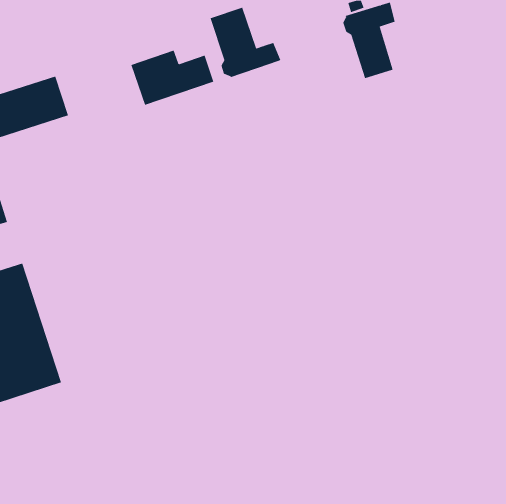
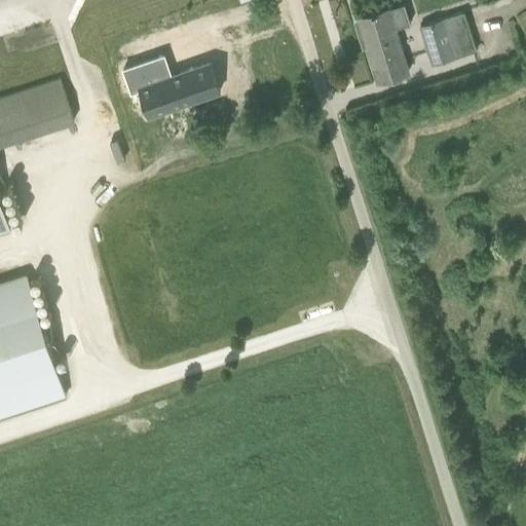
building: [210,7,281,78] -> none
building: none -> [417,16,474,69]

